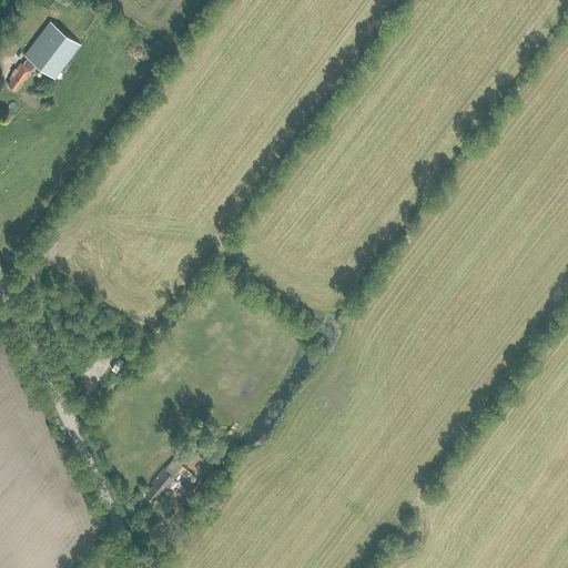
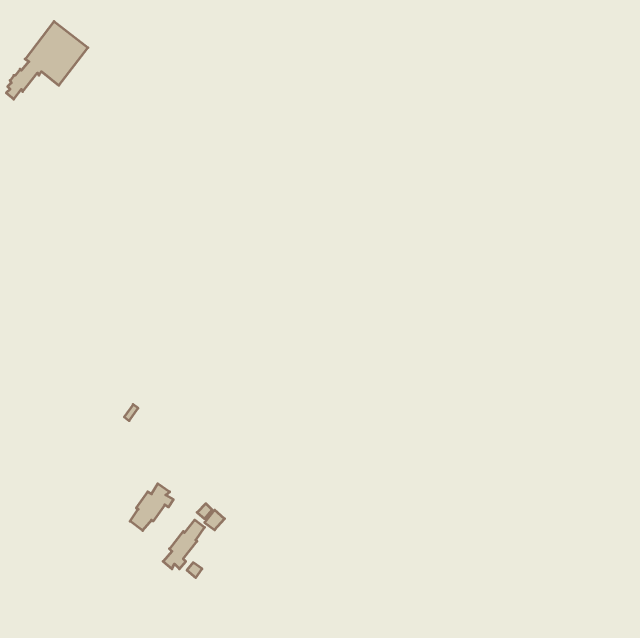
building: none -> [130,484,173,531]

